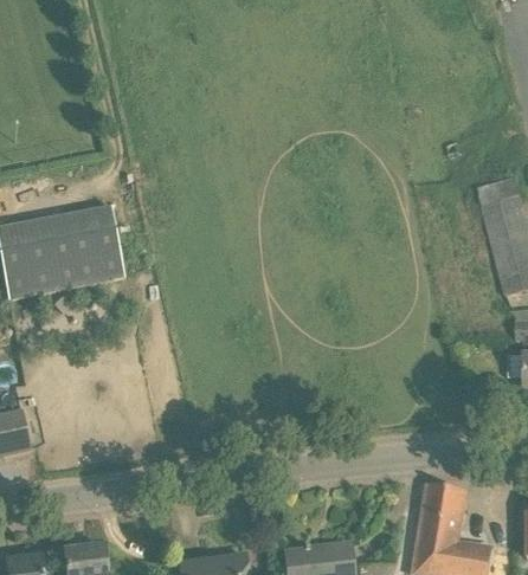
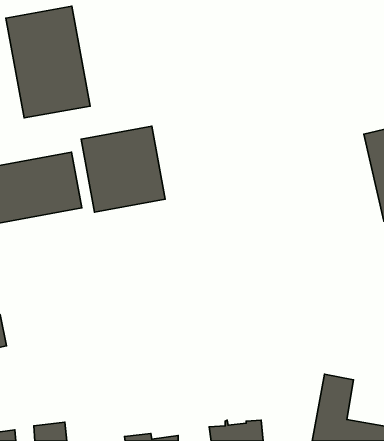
building: none -> [6,6,90,118]
building: none -> [81,126,165,212]

